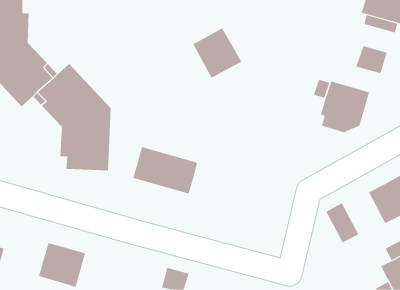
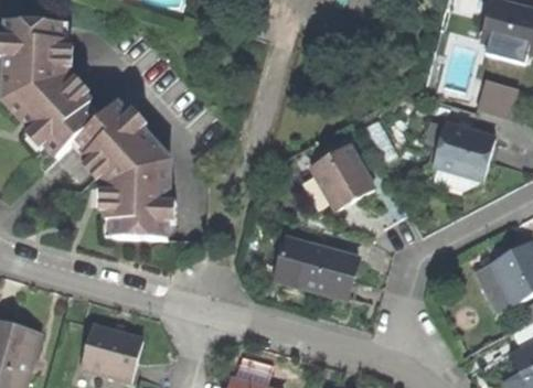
building: [192,27,242,79] -> [313,144,375,208]
building: [133,146,198,194] -> [276,238,358,298]
building: [325,203,359,243] -> [471,262,513,313]

